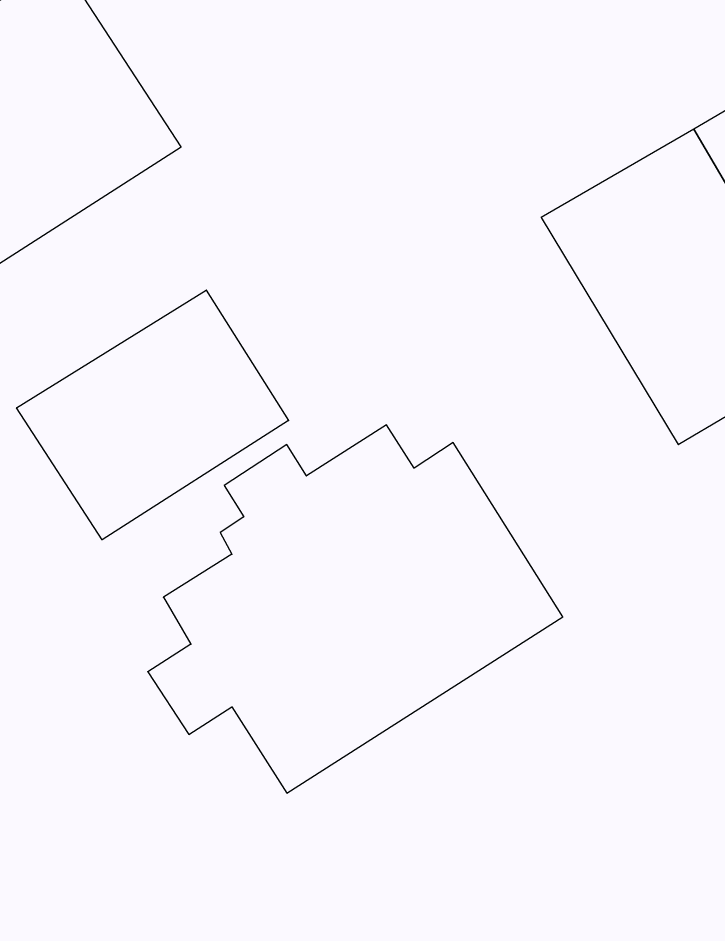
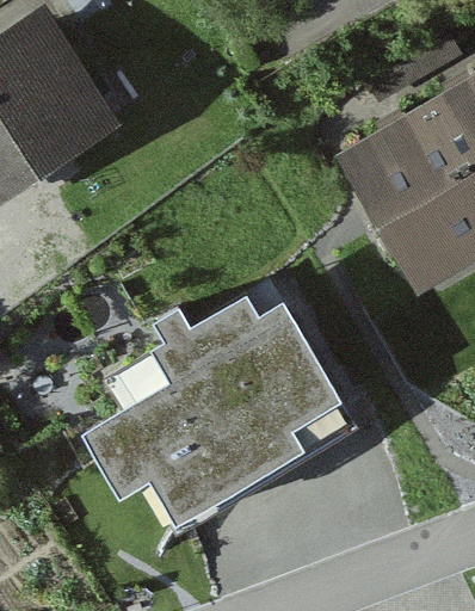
building: [17,290,289,540] -> none

